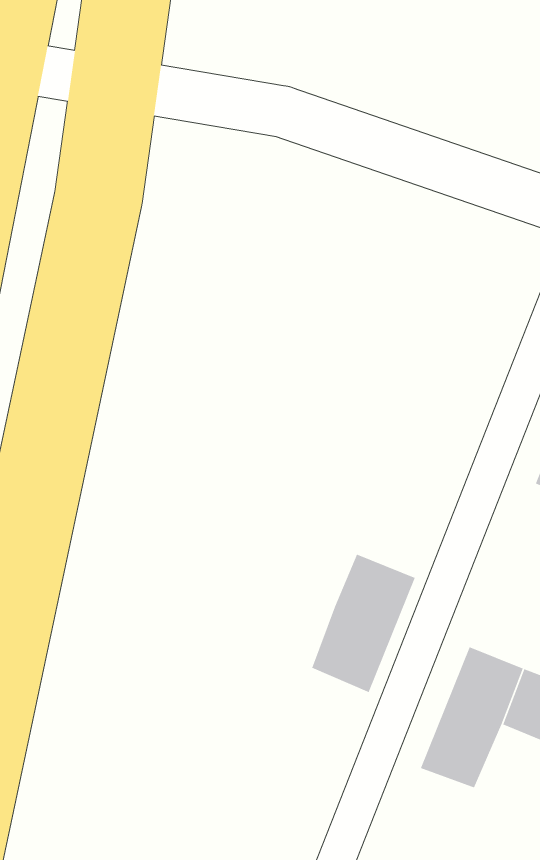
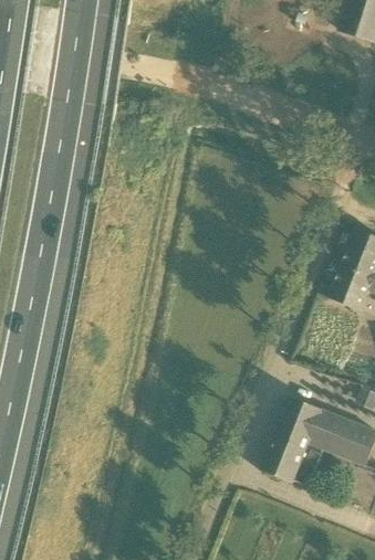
building: [311,553,416,693] -> none

